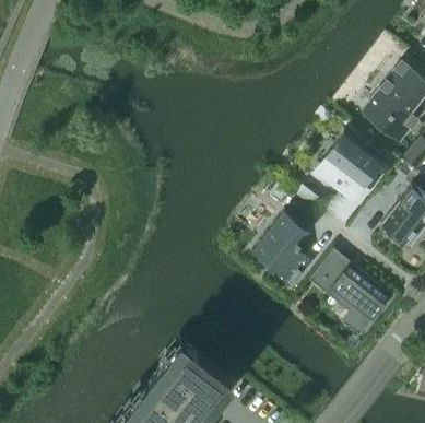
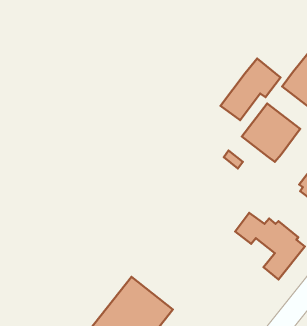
building: none -> [220,59,281,120]
building: [252,211,310,281] -> none

